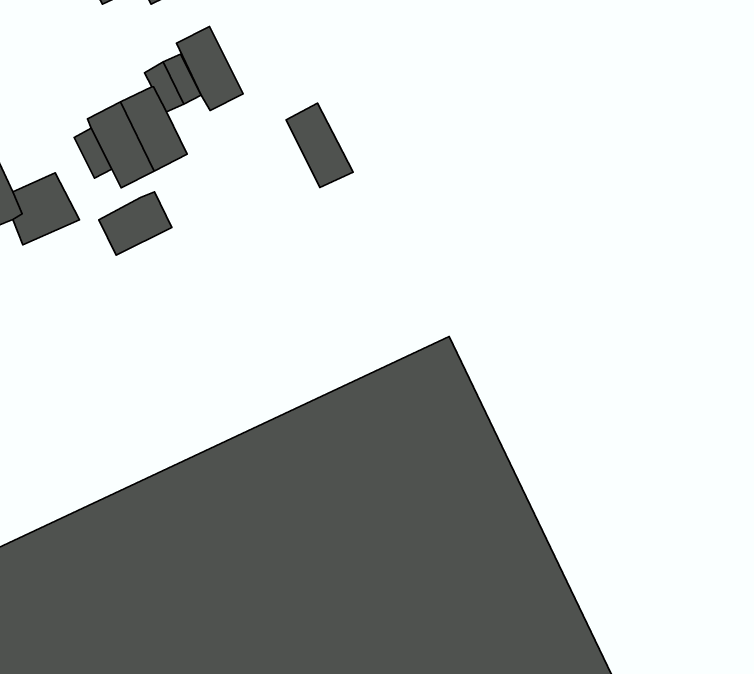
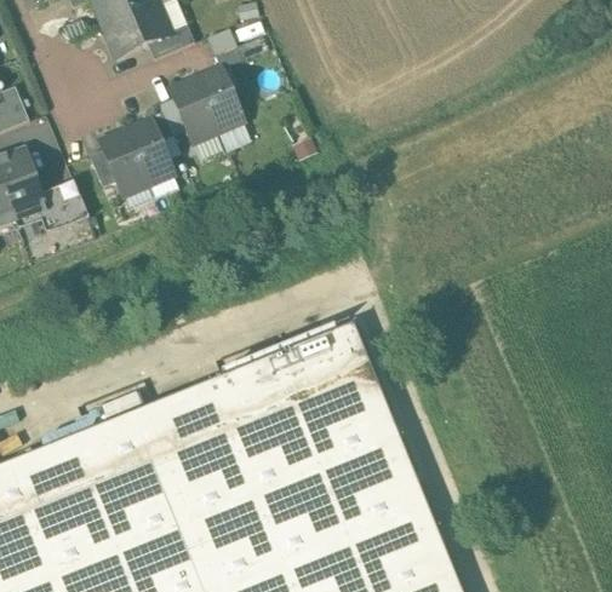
building: [286,103,353,187] -> [191,70,239,133]
building: [99,192,172,255] -> none

